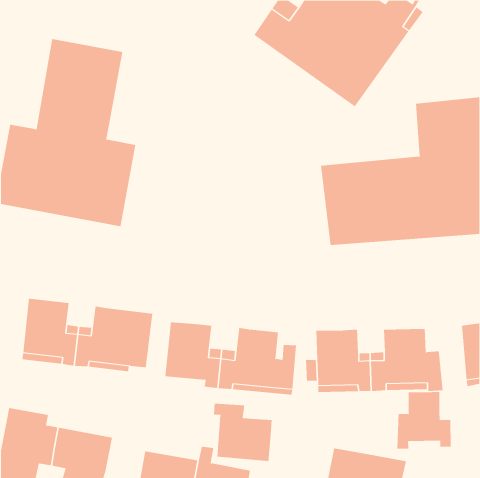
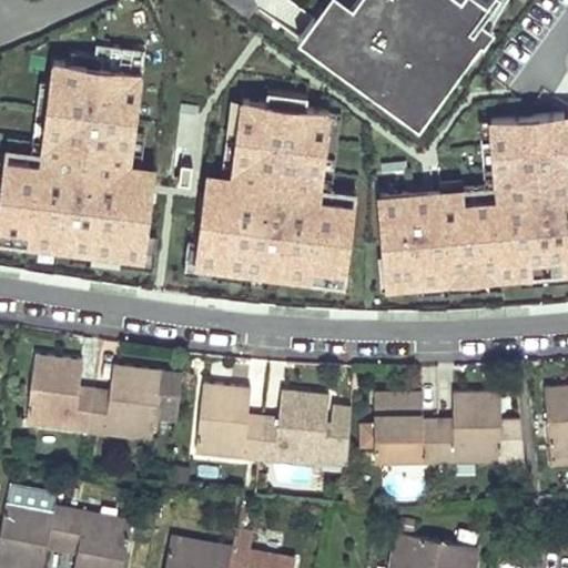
building: none -> [185,102,354,296]
building: [397,391,451,450] -> none
building: [213,403,272,462] -> none

